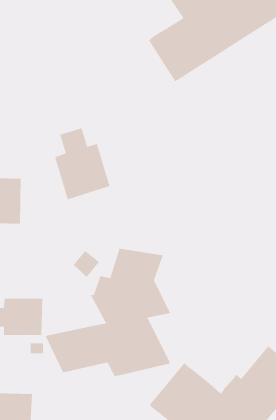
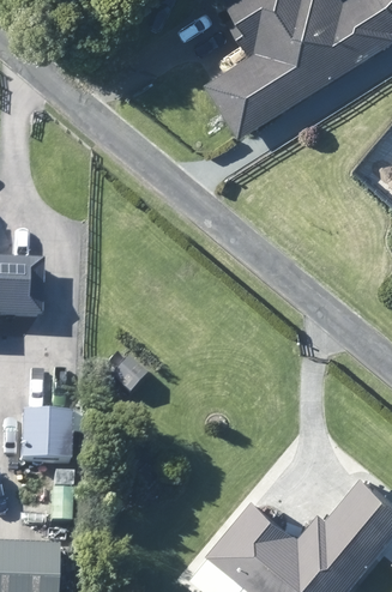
building: [55,127,110,200] -> none
building: [45,248,171,377] -> none

